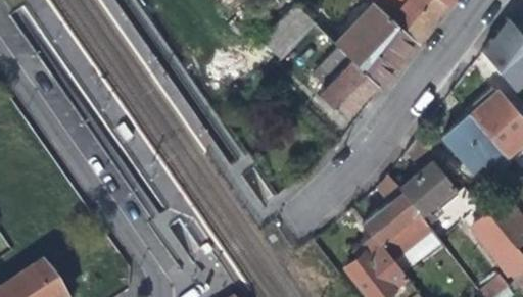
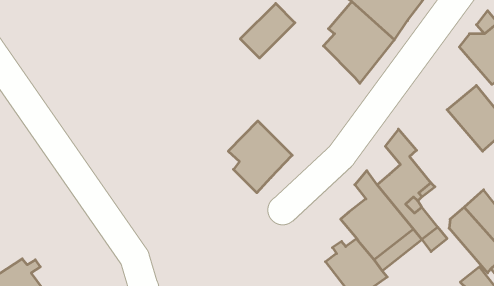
building: [312,48,376,120] -> [228,121,292,193]
building: [442,115,509,176] -> none

